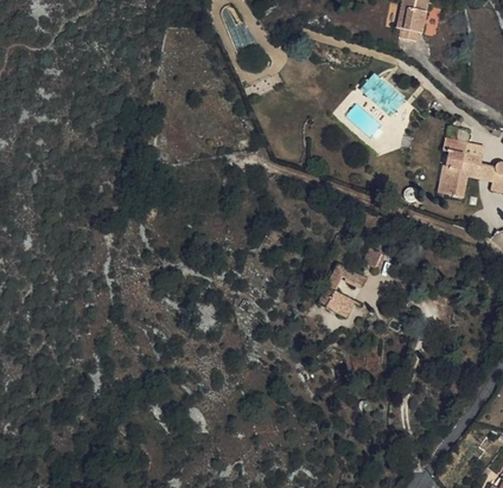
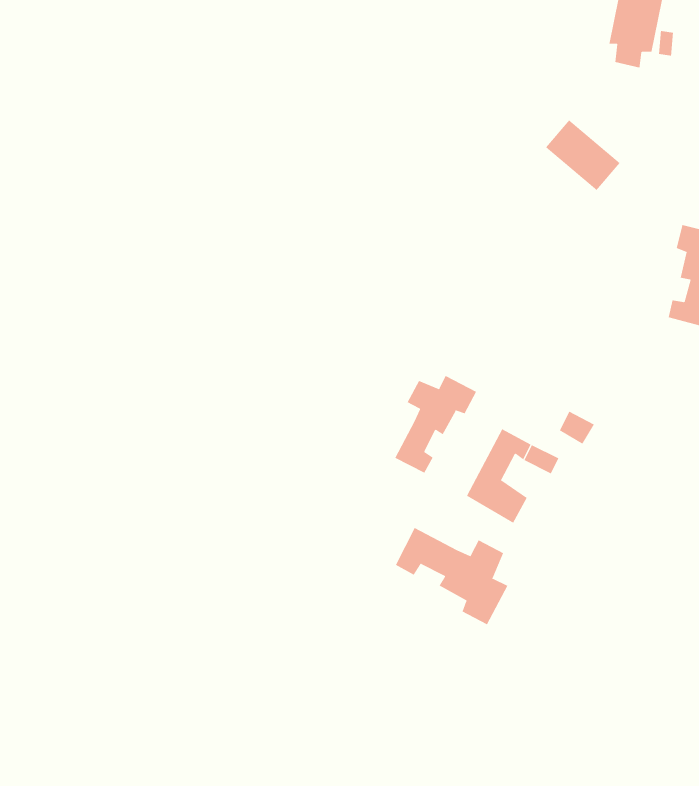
building: none -> [394,375,477,474]
building: none -> [395,527,508,625]

